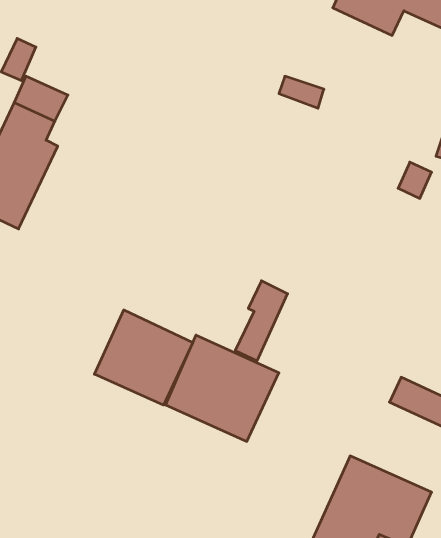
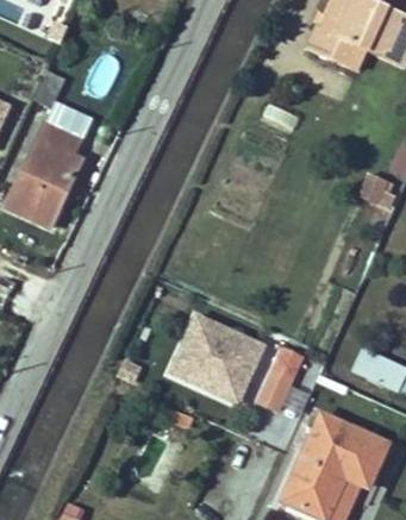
building: [235,281,288,361] -> [260,344,302,409]
building: [94,310,193,405] -> none

